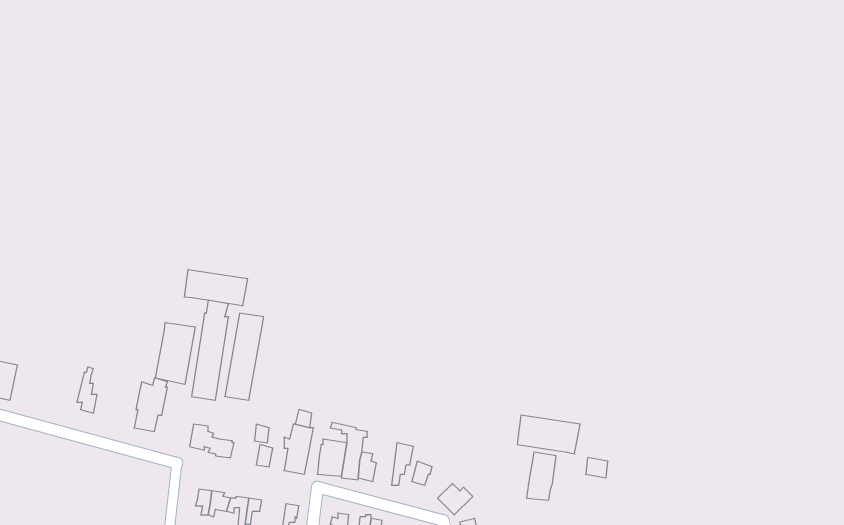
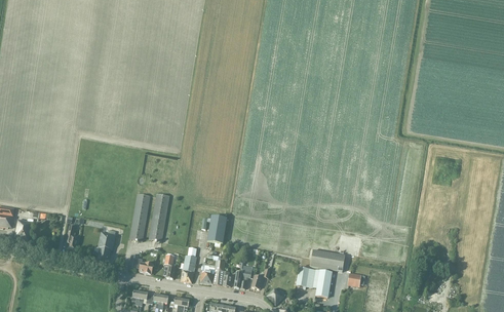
building: [185,269,248,306] -> none
building: [155,322,195,384] -> none
building: none -> [208,216,228,243]
building: none -> [297,266,320,288]

